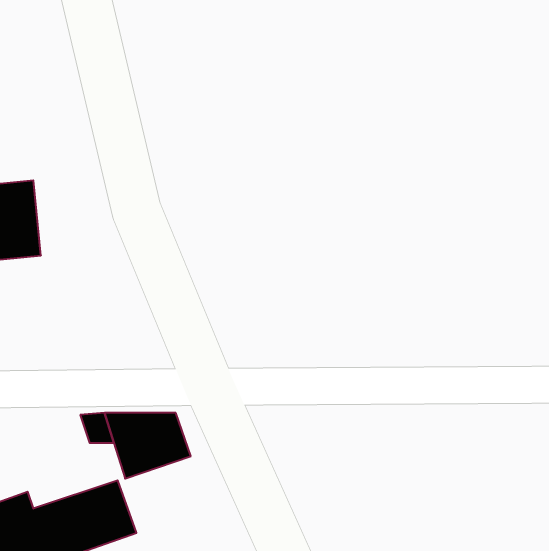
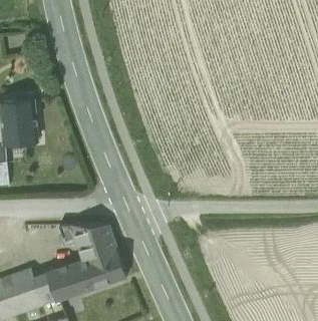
building: none -> [77,249,126,290]

